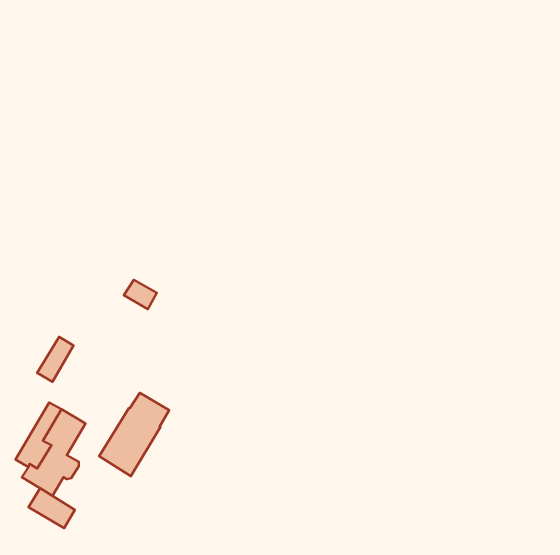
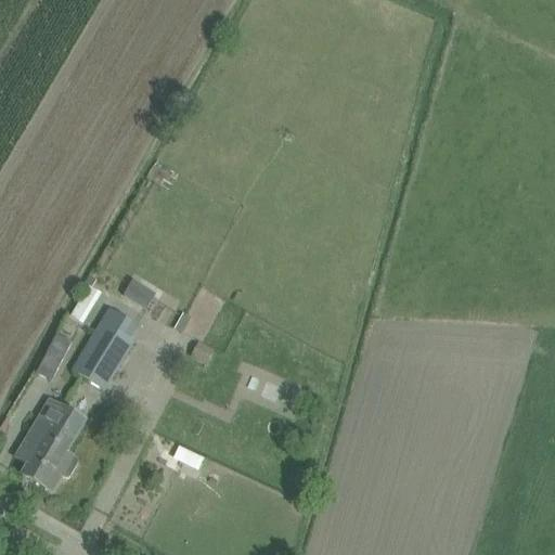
building: [99,393,169,476] -> [69,306,139,388]
building: [28,488,75,528] -> none

